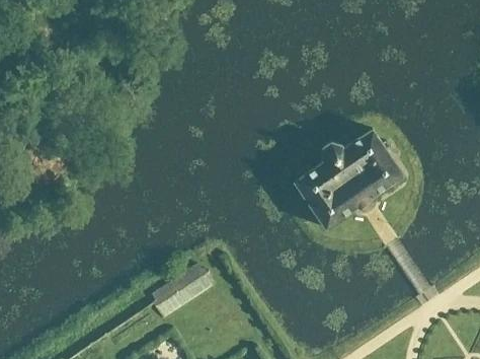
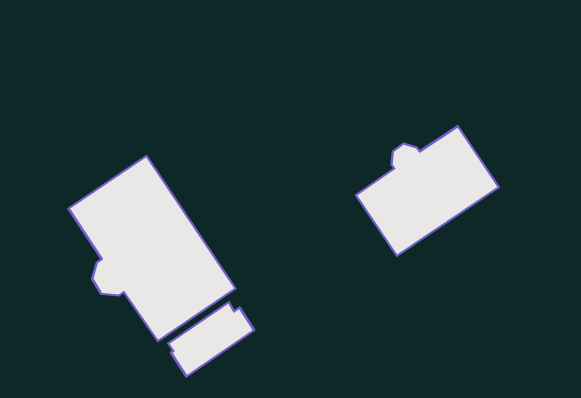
building: none -> [69,156,236,341]

